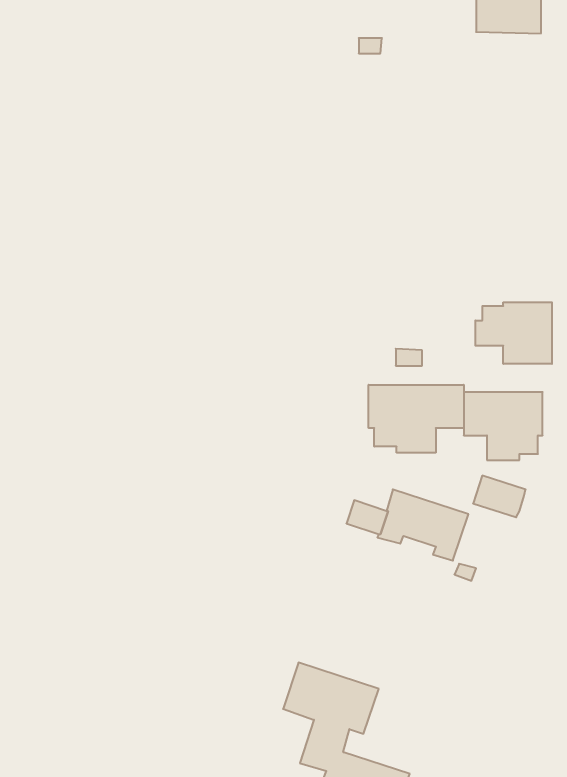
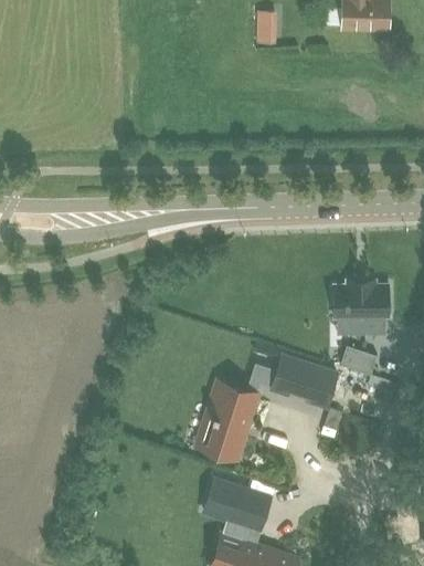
building: [475,302,552,364] -> none
building: [369,385,464,453] -> none
building: none -> [197,380,257,457]

